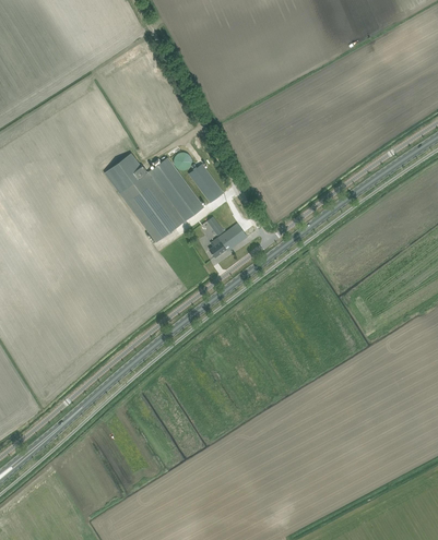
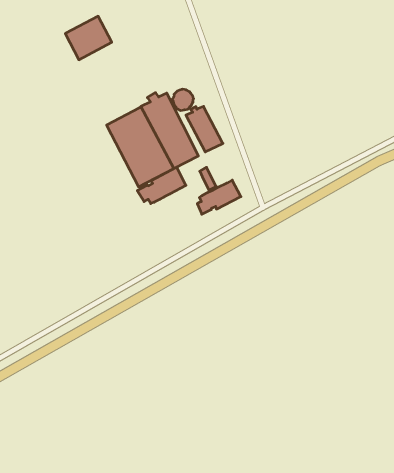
building: [105,153,146,193] -> [65,16,112,60]
building: none -> [137,167,186,204]

